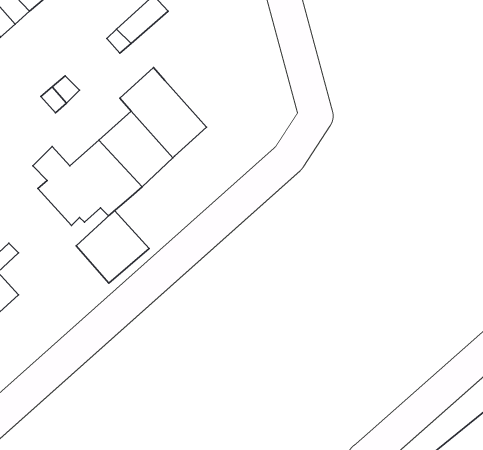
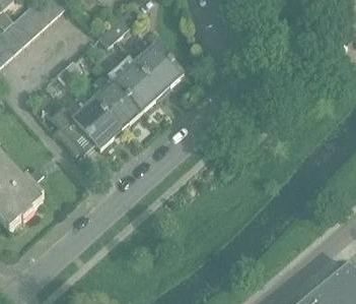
building: none -> [135,44,183,93]
building: [76,211,149,283] -> none

